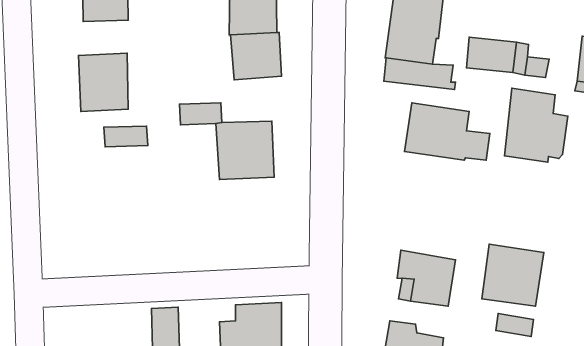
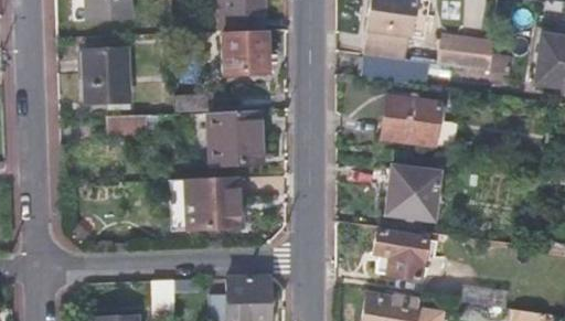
building: [505,88,568,162] -> none
building: none -> [175,176,246,228]
building: [482,244,544,306] -> [385,164,441,221]

